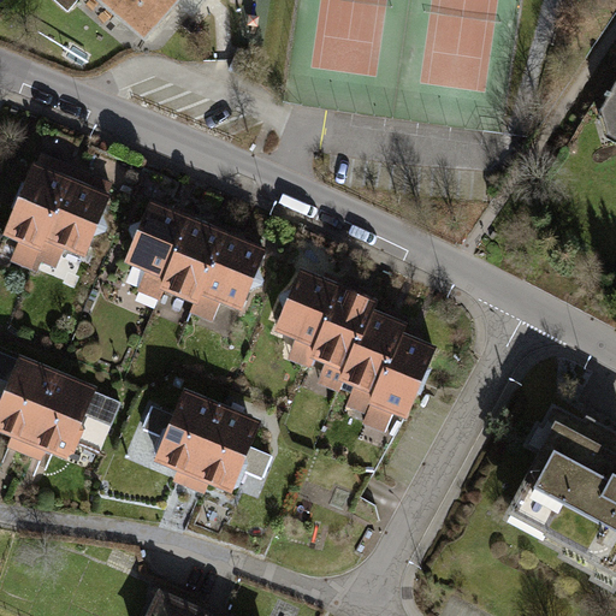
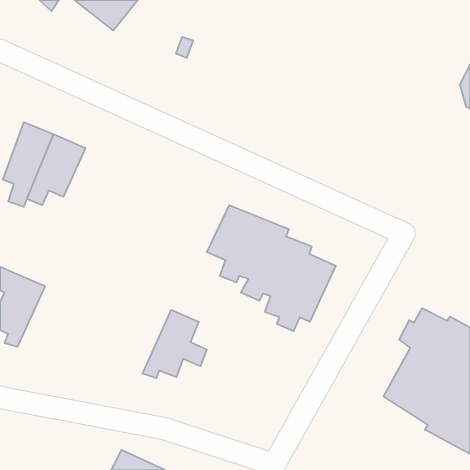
building: [122,199,268,324] -> none
building: [23,374,122,461] -> none
building: [143,389,224,488] -> none

